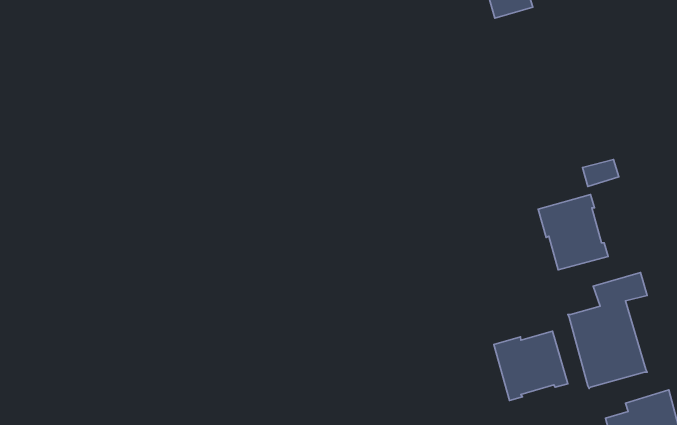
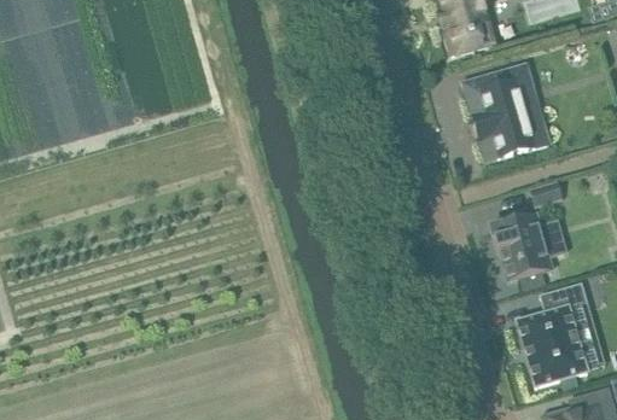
building: none -> [477,63,536,157]
building: [494,331,568,400] -> none

